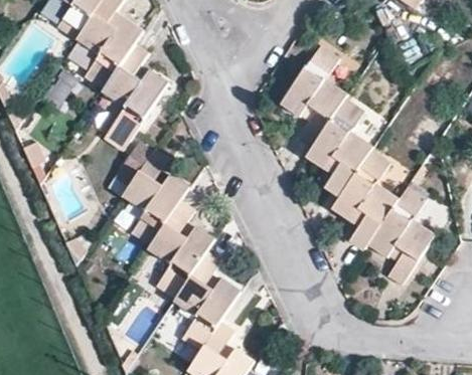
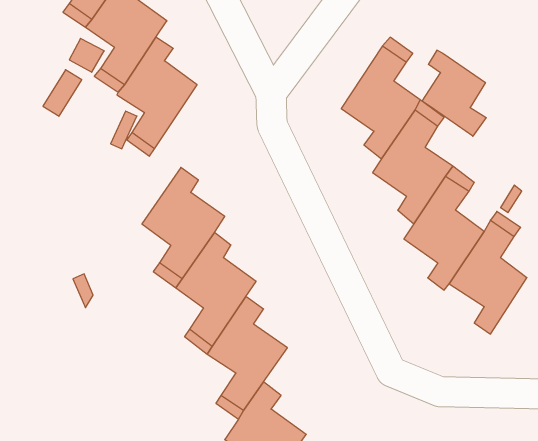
building: none -> [422,50,486,136]

